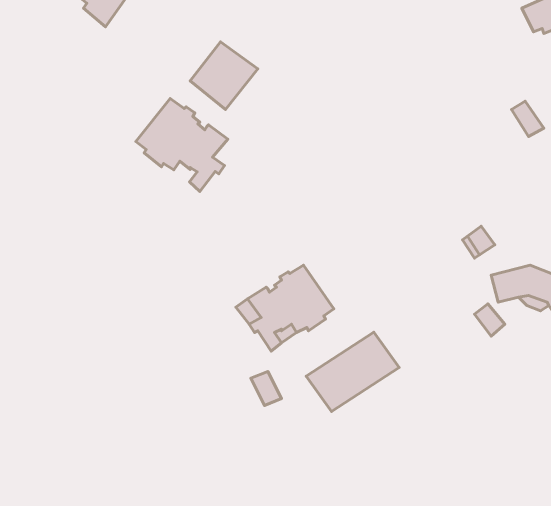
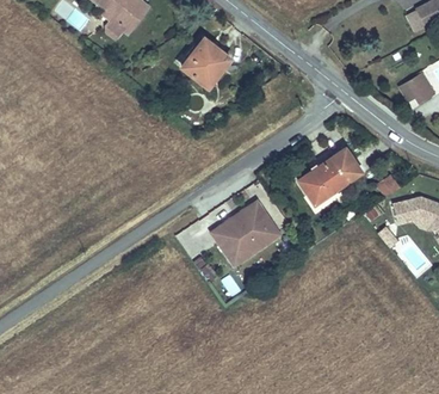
building: [136,98,228,192] -> none
building: [306,332,399,412] -> [296,144,361,201]

